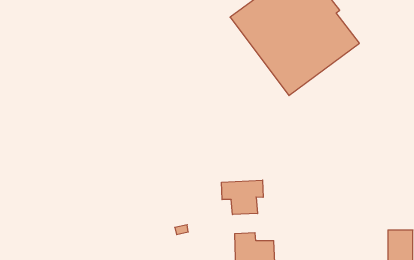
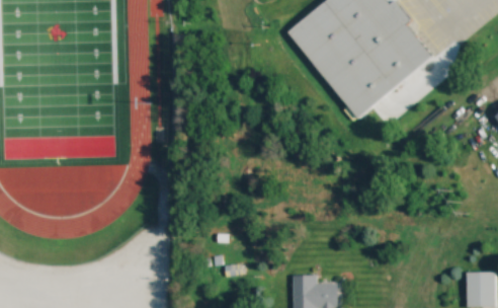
building: [222,180,263,215] -> none

